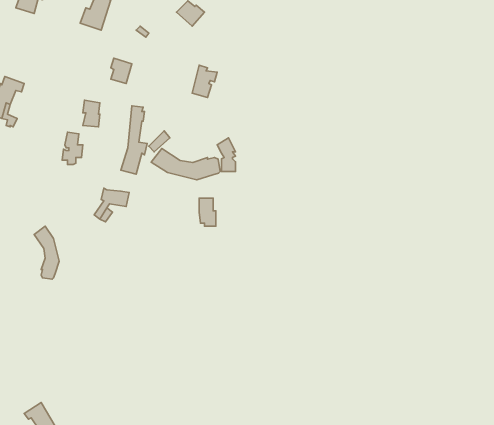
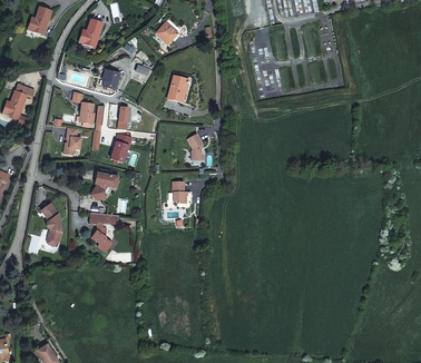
building: [151,148,220,180] -> none
building: none -> [89,213,118,252]

